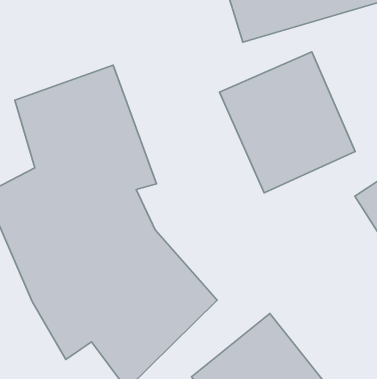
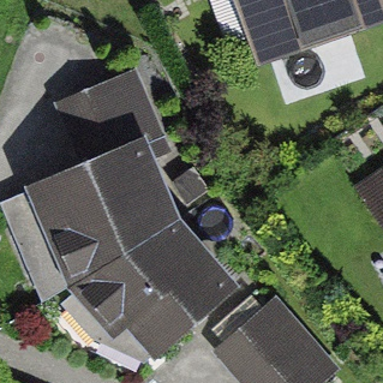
building: [220,52,355,193] -> none

